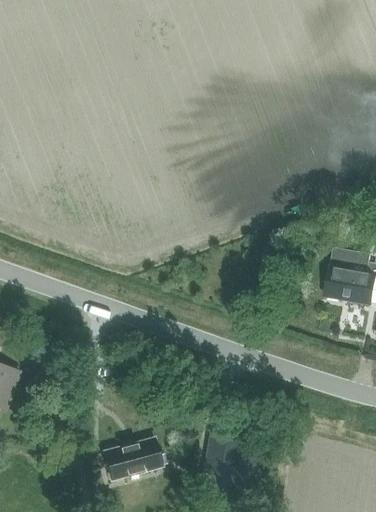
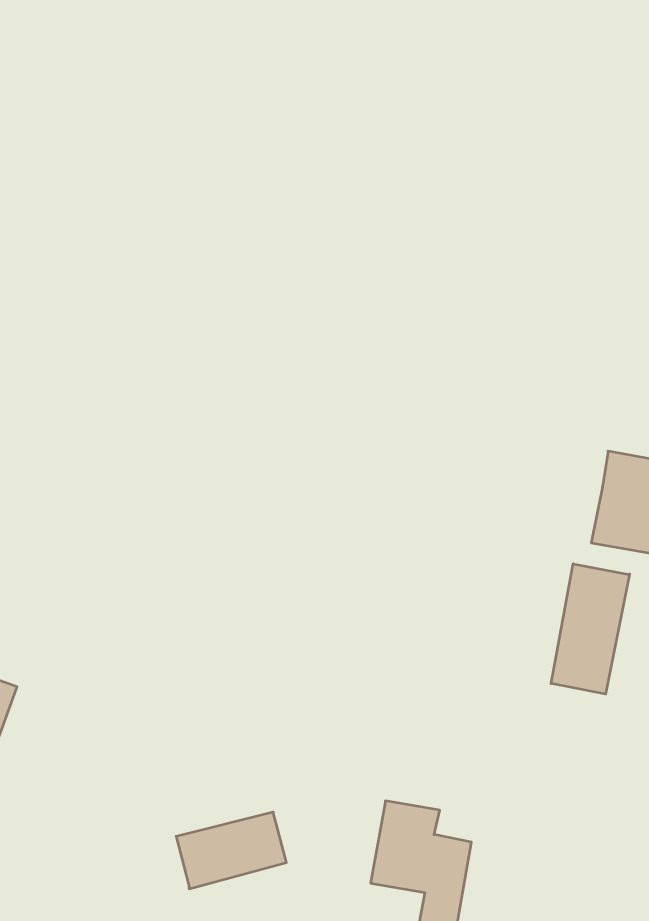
building: none -> [551,564,630,694]

